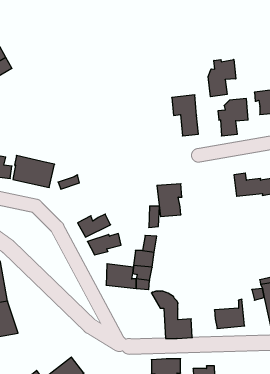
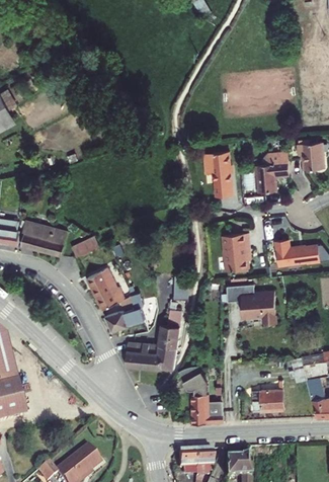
building: [208,59,236,97] -> none
building: [157,184,182,217] -> [218,230,246,267]
building: none -> [86,267,117,294]
building: none -> [241,289,275,322]

